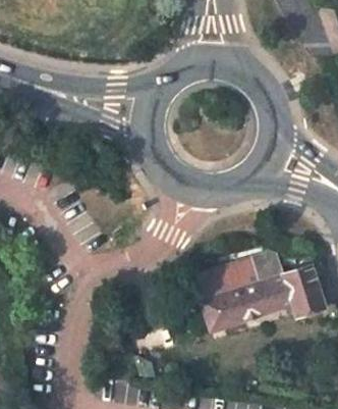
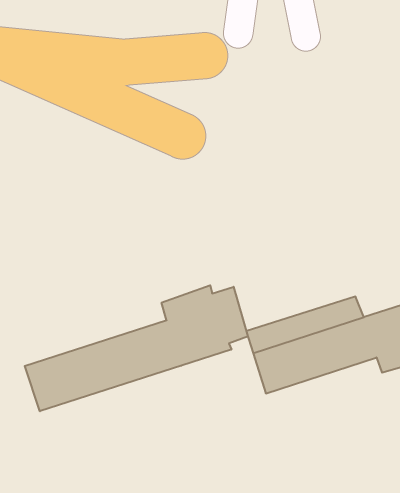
building: none -> [25,285,248,411]

